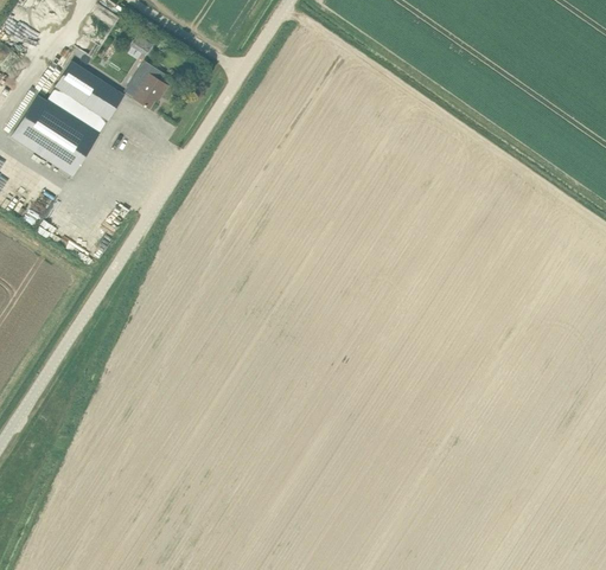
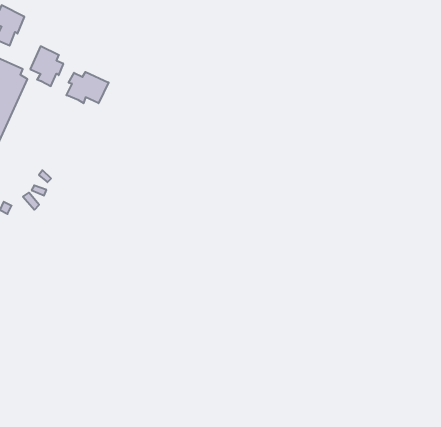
building: none -> [66,72,109,103]

